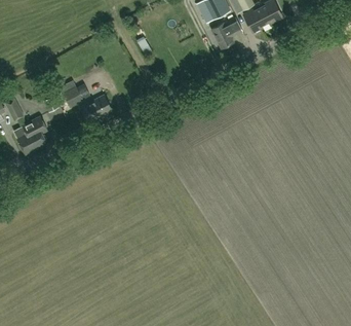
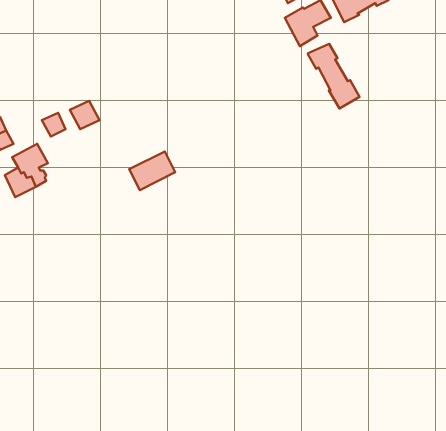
building: none -> [308,44,359,109]
building: [80,95,112,121] -> [129,152,175,190]

